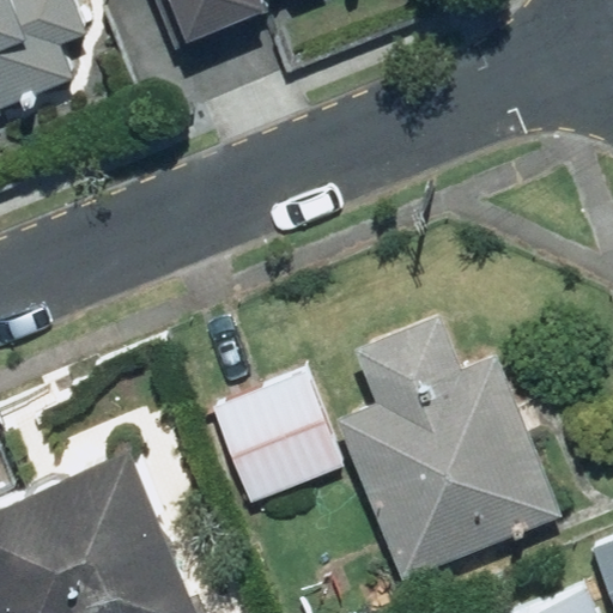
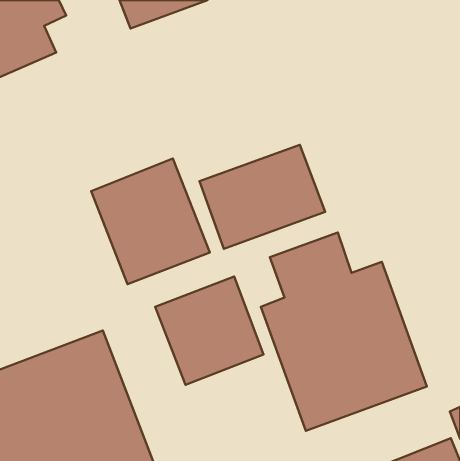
building: none -> [199,145,325,249]
building: none -> [91,158,210,284]

